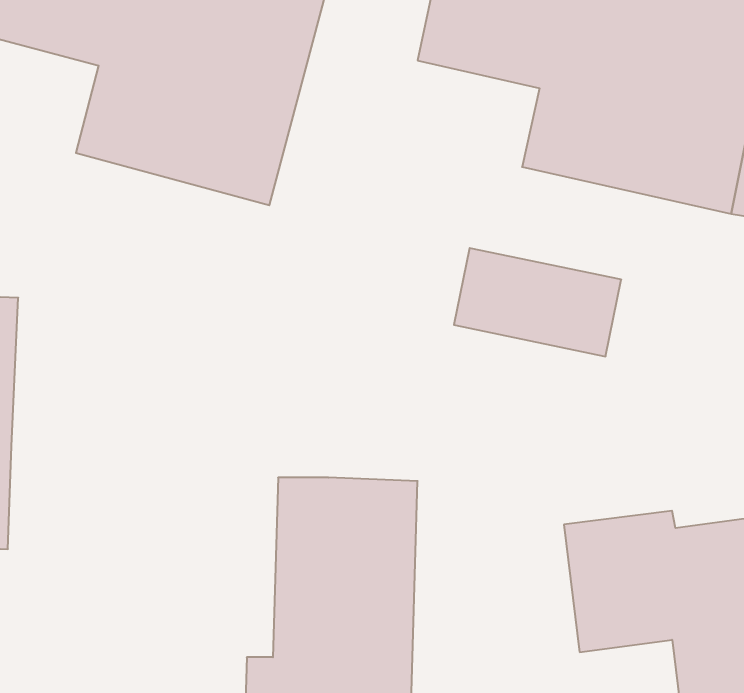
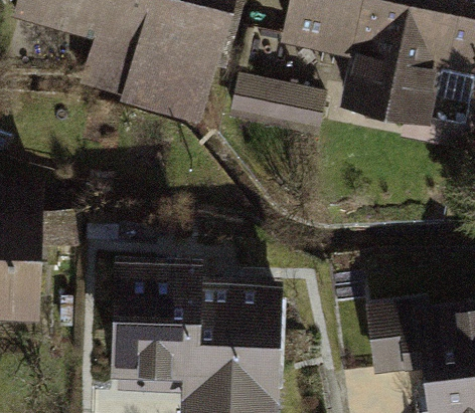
building: [454,248,621,356] -> [231,75,328,138]
building: none -> [108,256,200,382]

